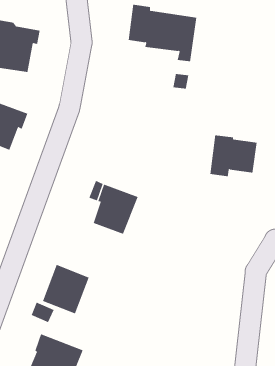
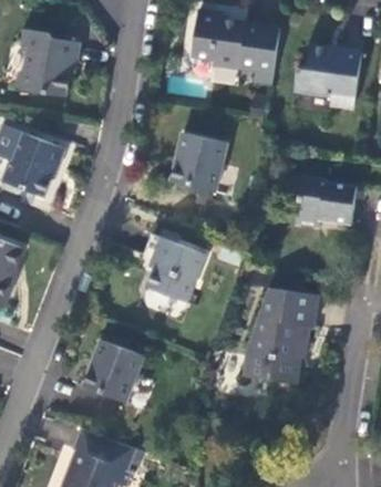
building: none -> [294,44,361,106]
building: none -> [171,132,226,191]
building: none -> [244,288,319,383]

